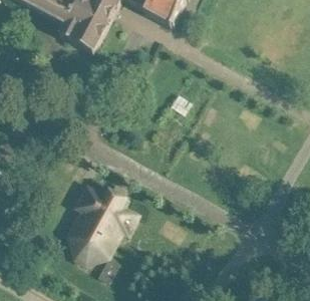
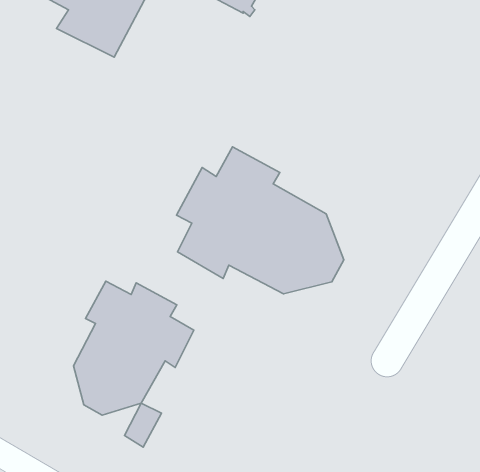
building: none -> [176,147,344,294]

